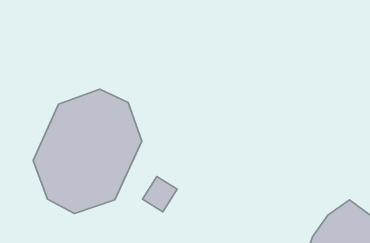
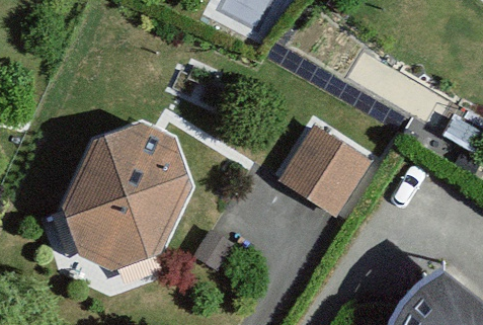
building: none -> [278,126,372,218]

